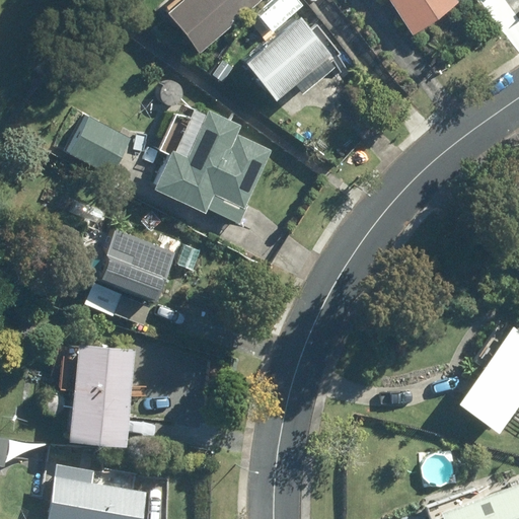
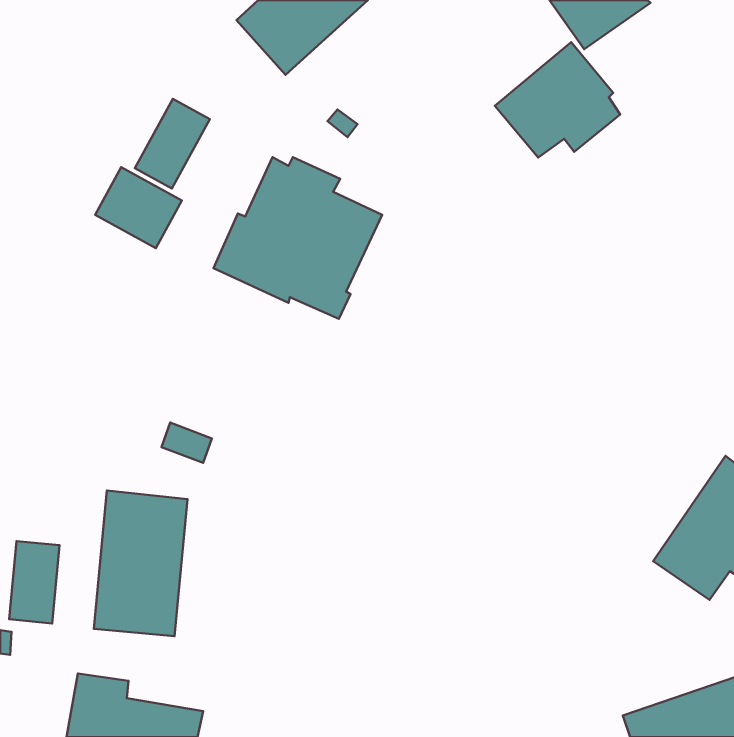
building: [245,18,333,99] -> [495,42,620,158]
building: none -> [135,99,210,189]
building: [99,230,174,301] -> none
building: none -> [9,541,59,623]

